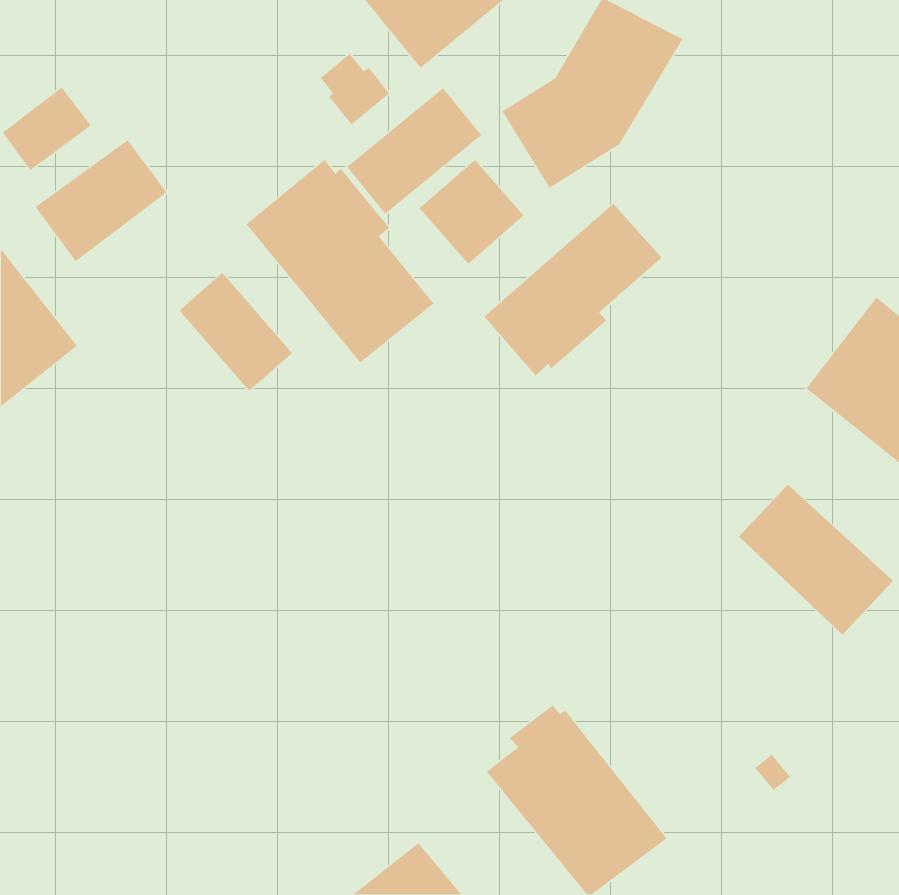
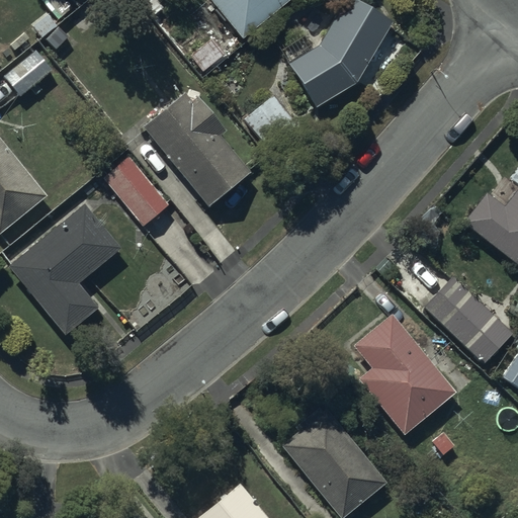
building: [346,87,482,215] -> none
building: [34,139,167,262] -> none
building: [483,203,662,376] -> none
building: none -> [8,205,120,337]
building: none -> [353,316,454,435]

